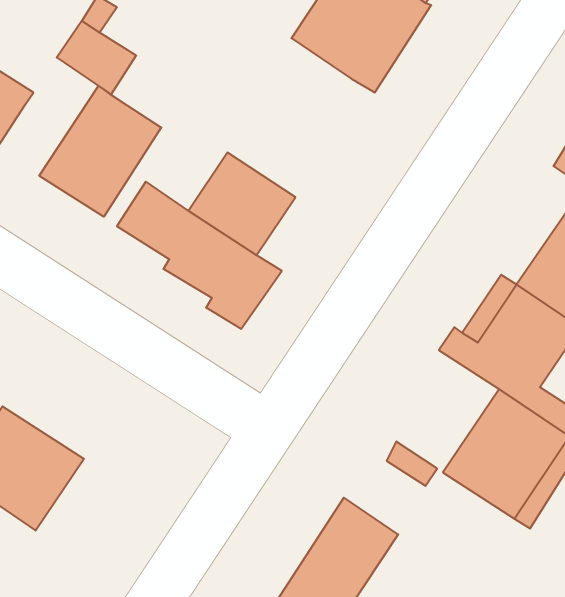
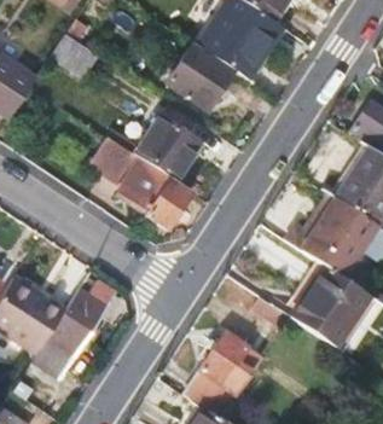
building: none -> [163,43,233,110]
building: [39,86,161,217] -> none
building: none -> [34,277,116,374]

